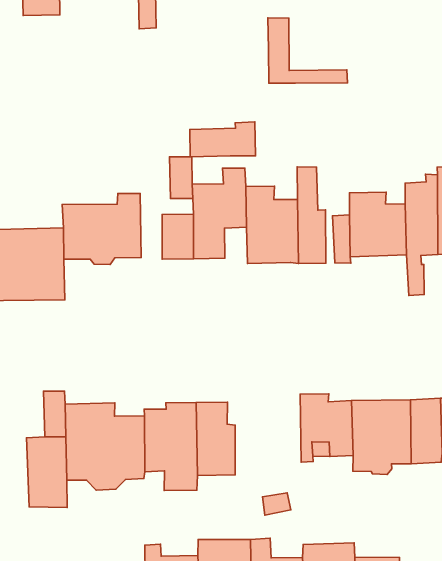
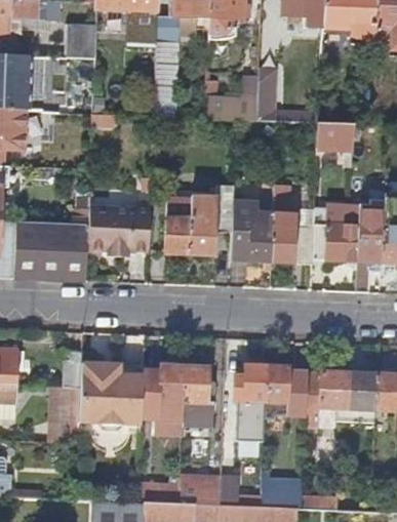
building: none -> [316,123,352,166]
building: [190,122,255,157] -> [204,93,256,120]
building: none -> [237,365,267,418]

